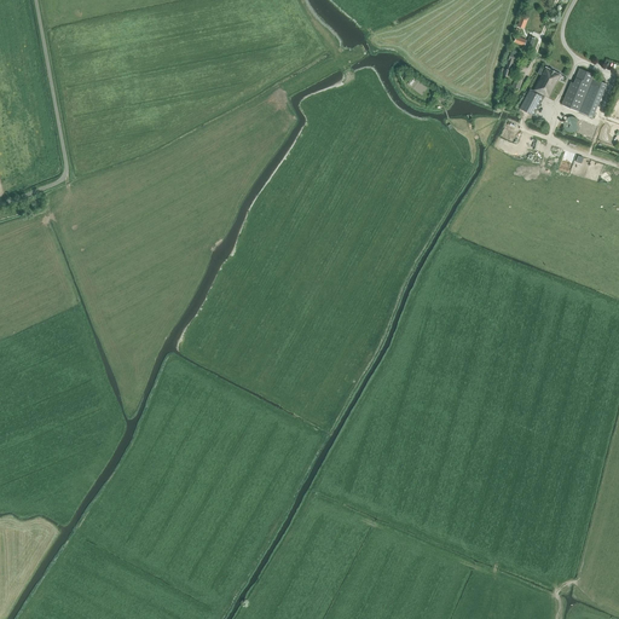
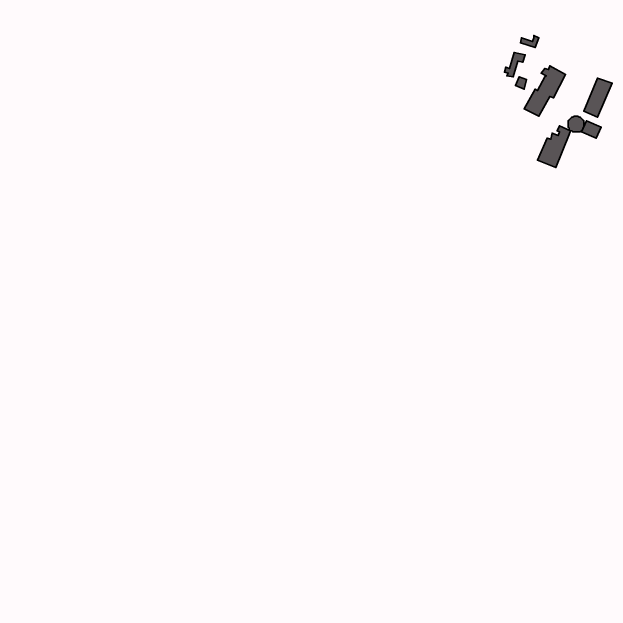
building: [560,69,592,110] -> [537,126,570,167]

